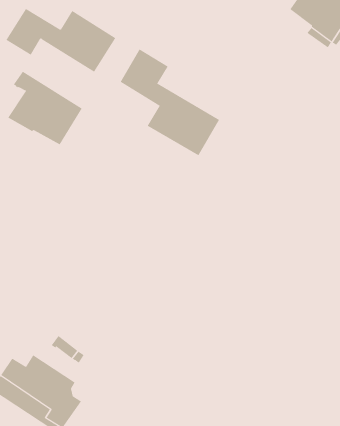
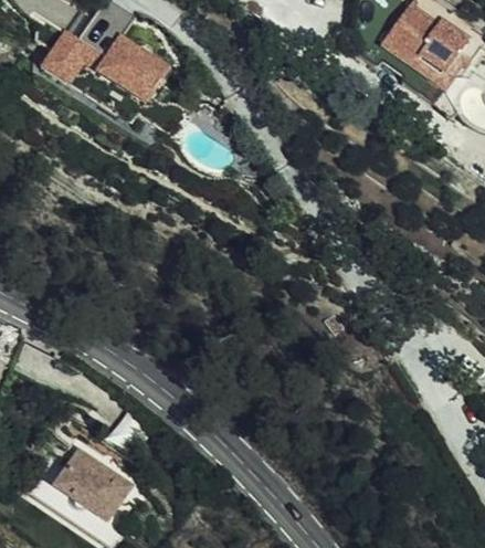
building: [120,49,220,156] -> none
building: [8,71,82,145] -> none

